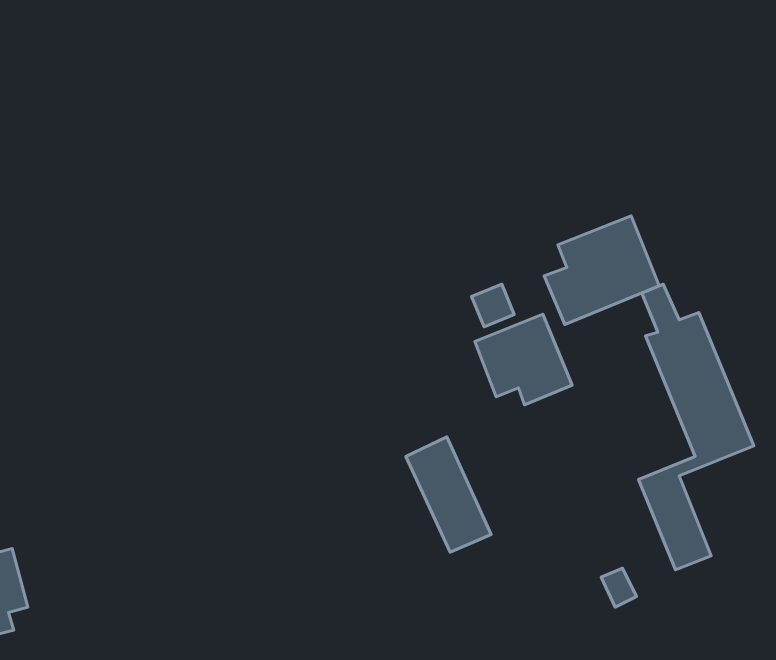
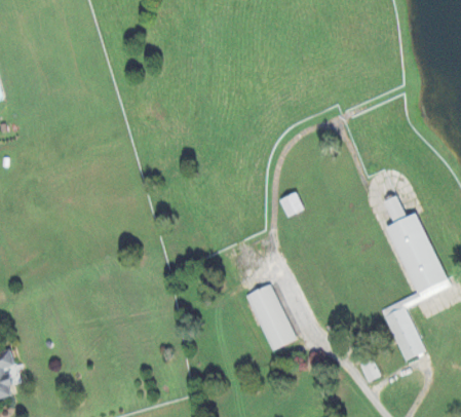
building: [544,216,659,325] -> none
building: [475,314,572,405] -> none

